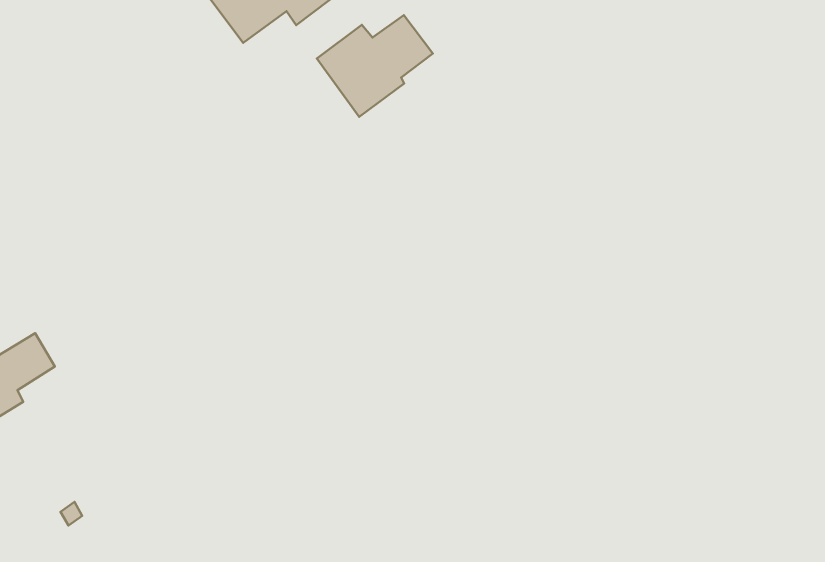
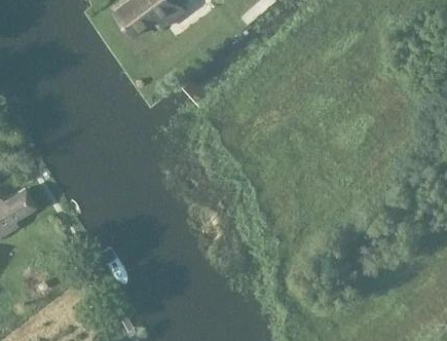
building: [317,15,433,117] -> none

